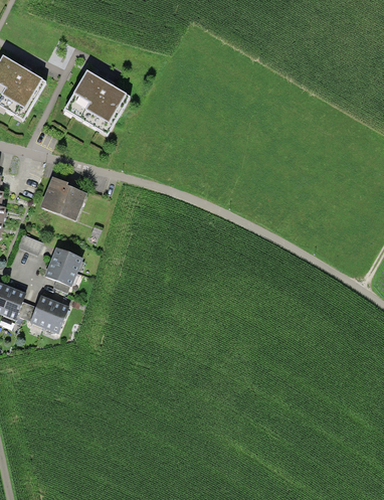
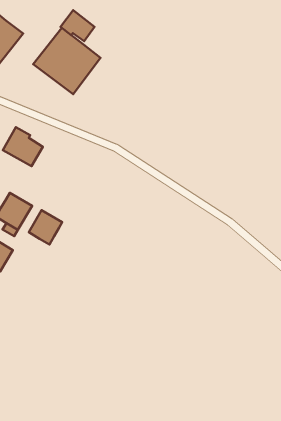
building: none -> [60,10,95,41]
building: none -> [29,210,62,244]

